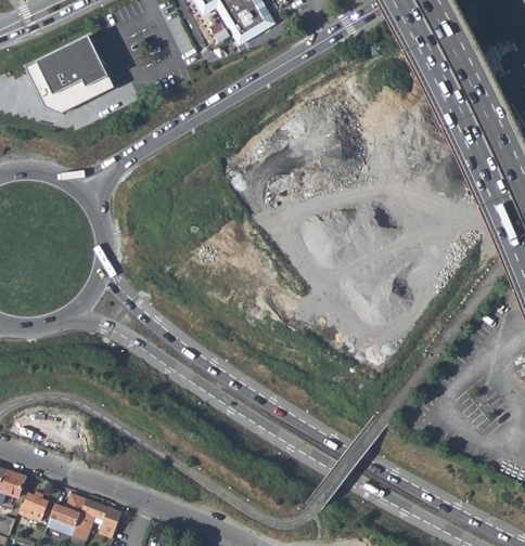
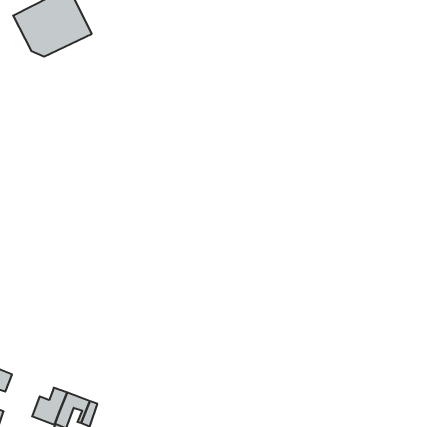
building: [20,492,48,519] -> none

